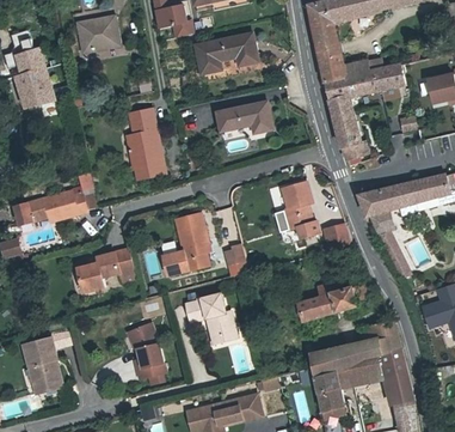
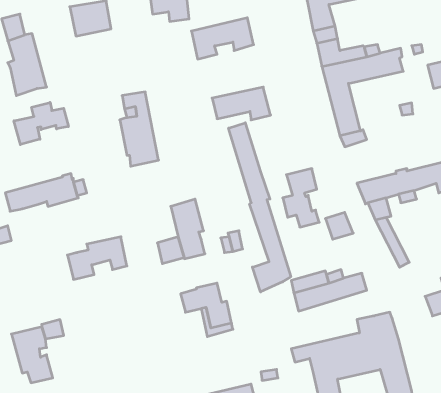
building: none -> [14,102,68,145]
building: none -> [229,123,291,292]
building: [130,324,162,378] -> none

